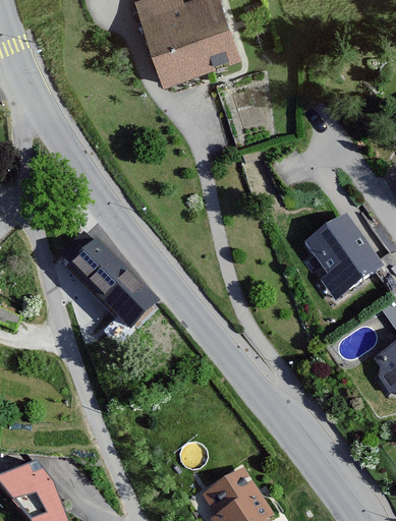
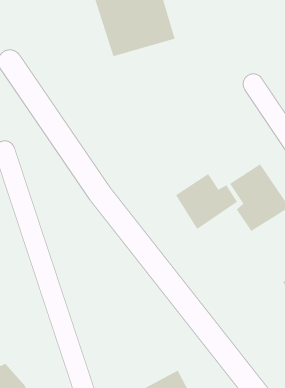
building: none -> [175,173,238,230]
building: [64,239,154,332] -> none

